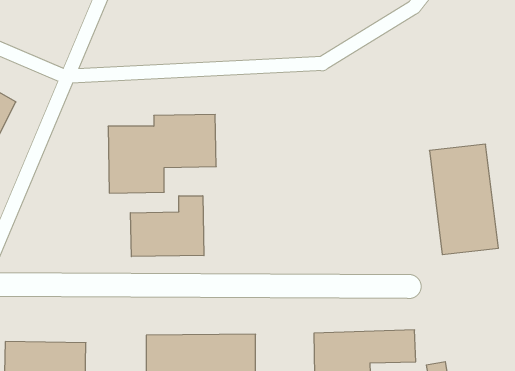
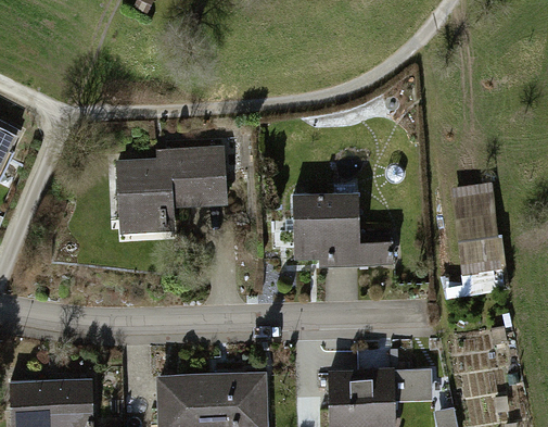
building: none -> [293,193,393,267]
building: [130,196,204,257] -> none

